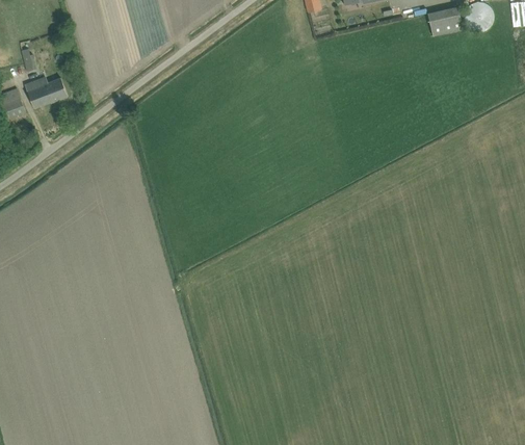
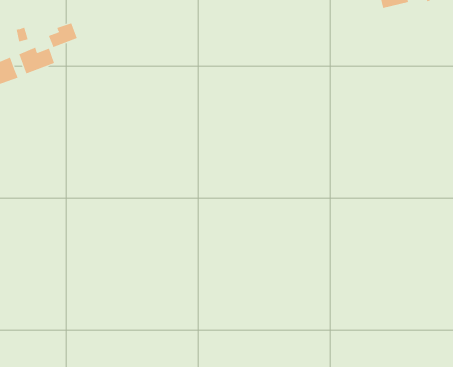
building: none -> [48,23,78,48]

